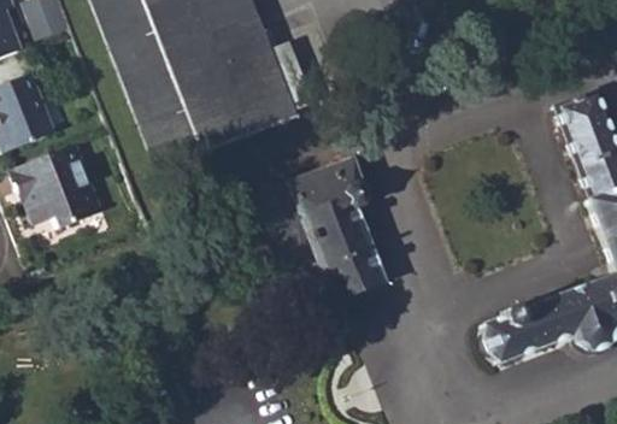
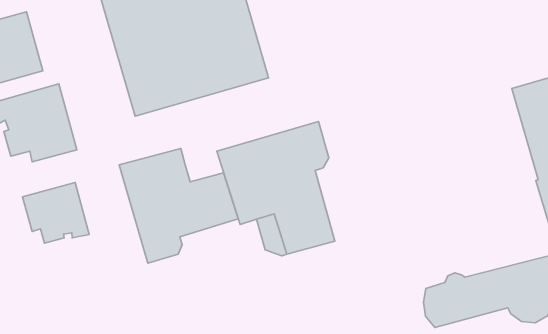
building: none -> [119,148,238,263]
building: none -> [22,182,89,243]

